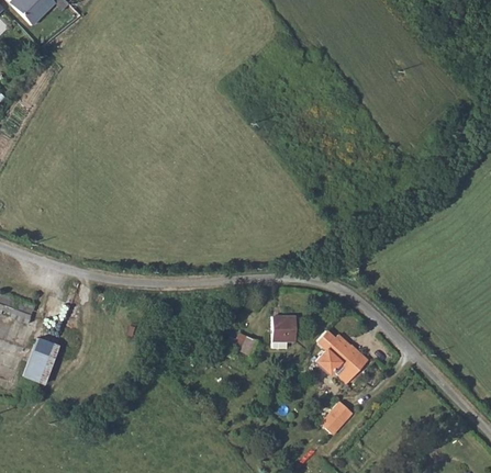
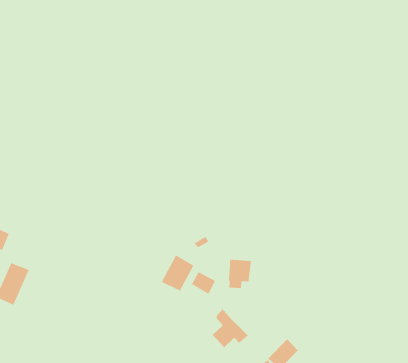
building: none -> [161,254,194,292]
building: [316,330,356,373] -> [212,308,248,348]

